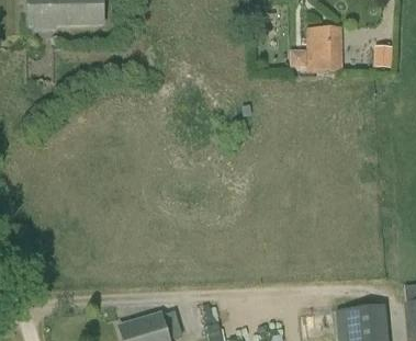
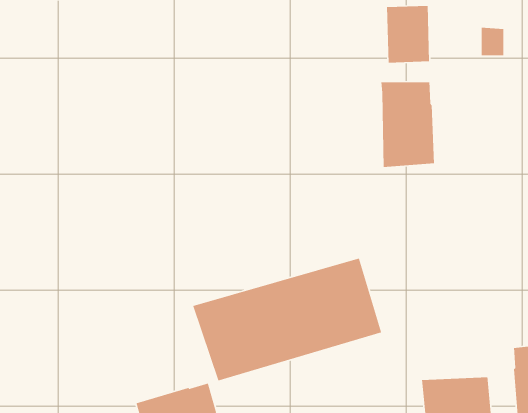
building: none -> [380,81,435,168]
building: none -> [192,257,382,382]

